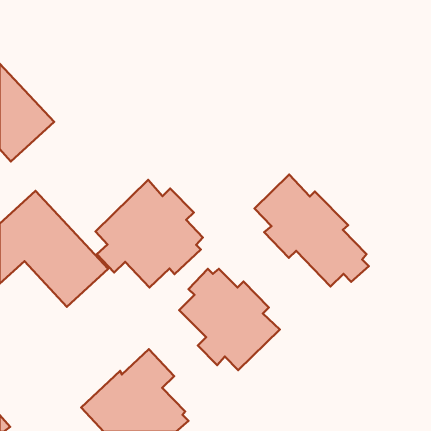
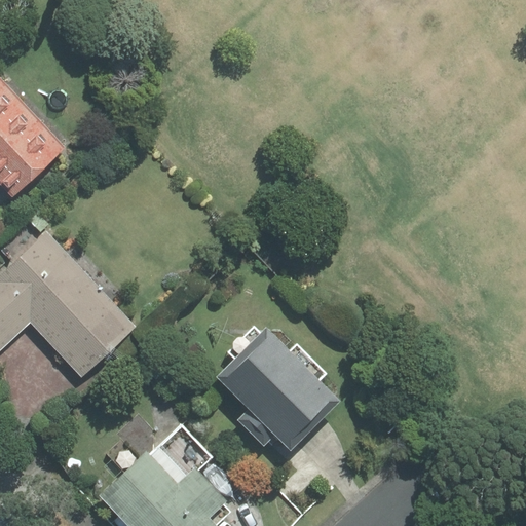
building: [254,174,369,286] -> none
building: [95,180,203,287] -> none

